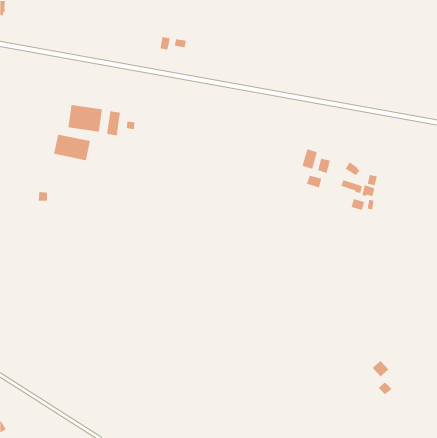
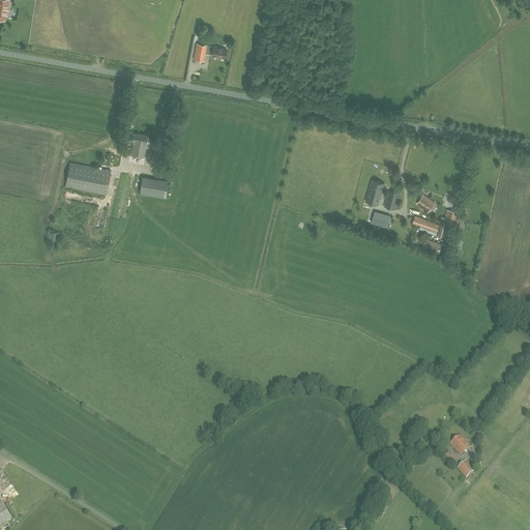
building: [68,104,103,132] -> none
building: none -> [139,177,167,198]

